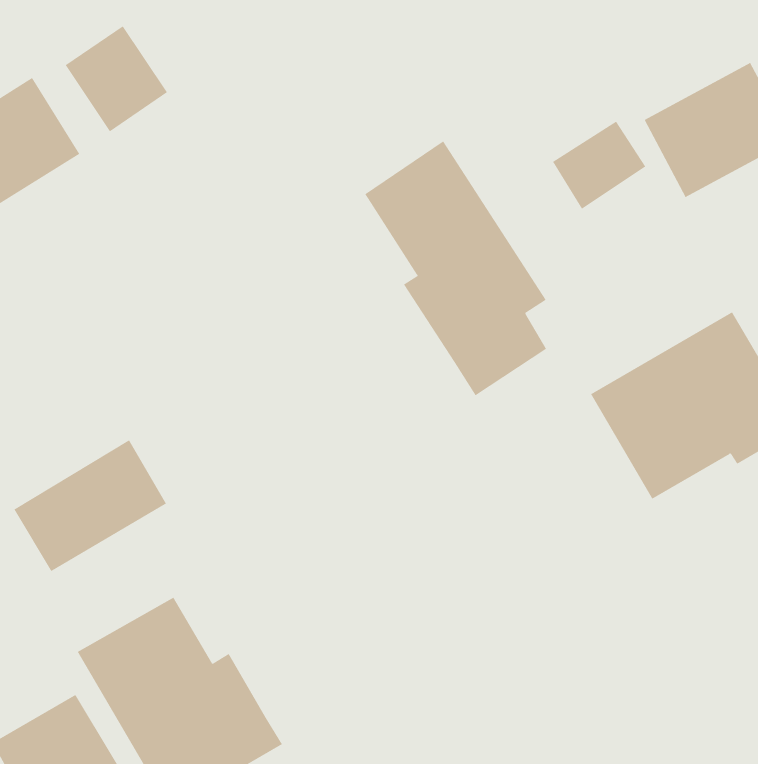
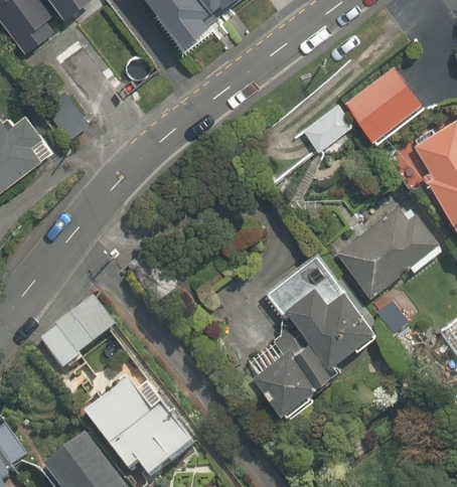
building: [364,140,547,396] -> none
building: none -> [243,247,385,421]

